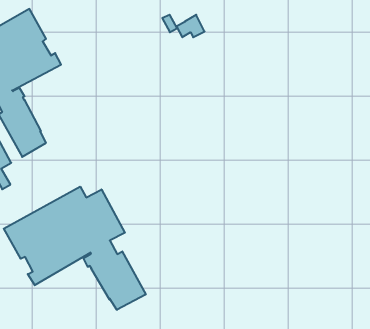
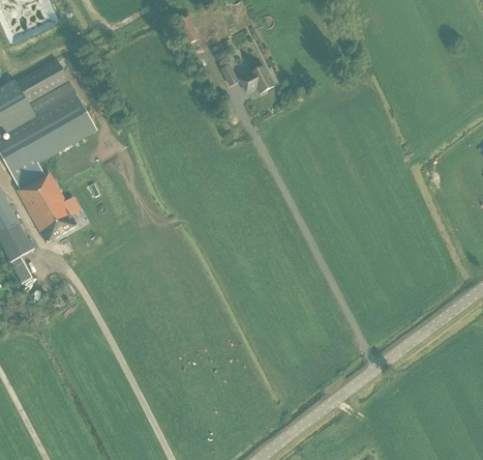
building: [4,187,146,310] -> none

